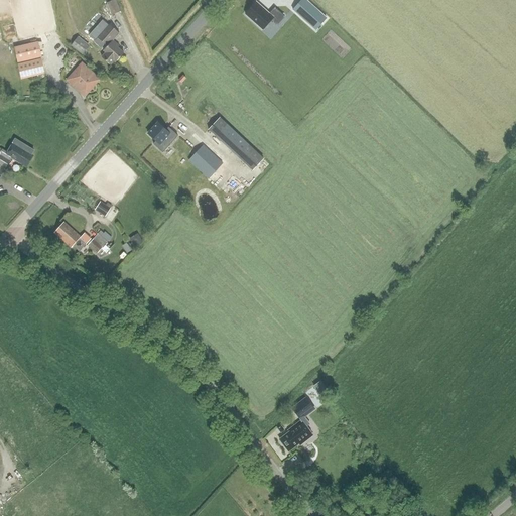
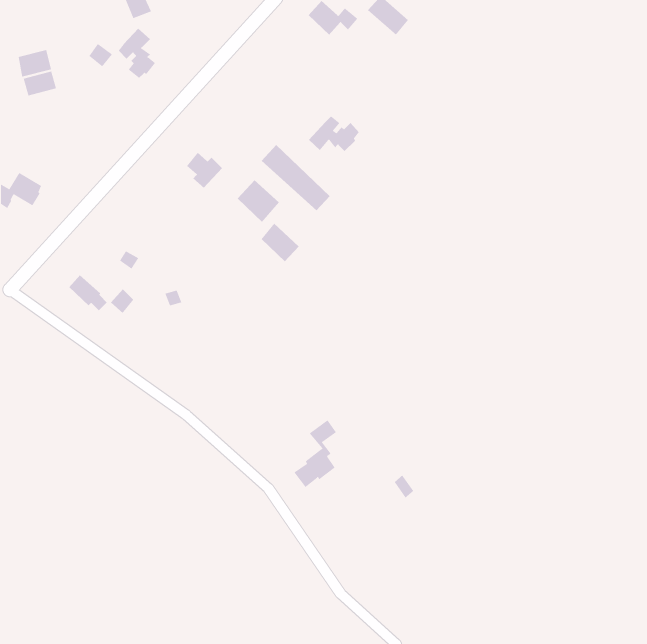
building: [67,61,98,93] -> none
building: none -> [308,115,360,152]
building: none -> [261,223,299,262]
building: [279,395,313,449] -> [294,419,337,488]

